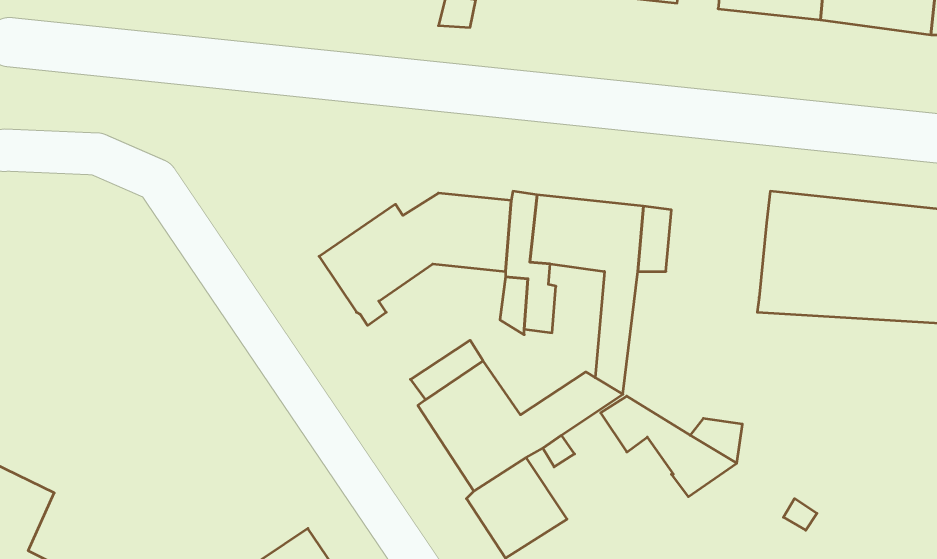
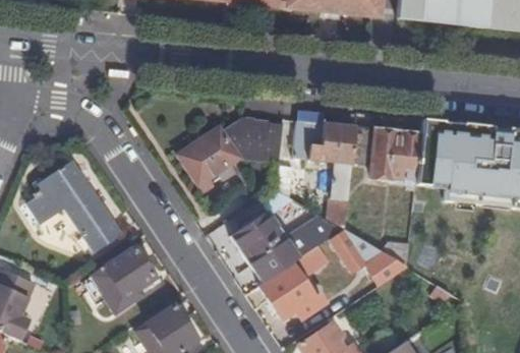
building: none -> [372,131,423,176]
building: none -> [28,161,121,251]
building: none -> [95,246,156,312]

